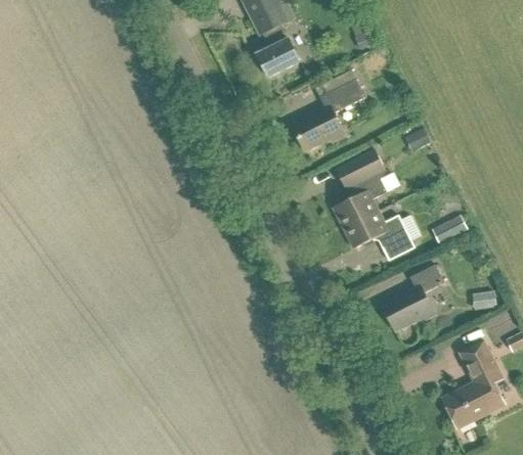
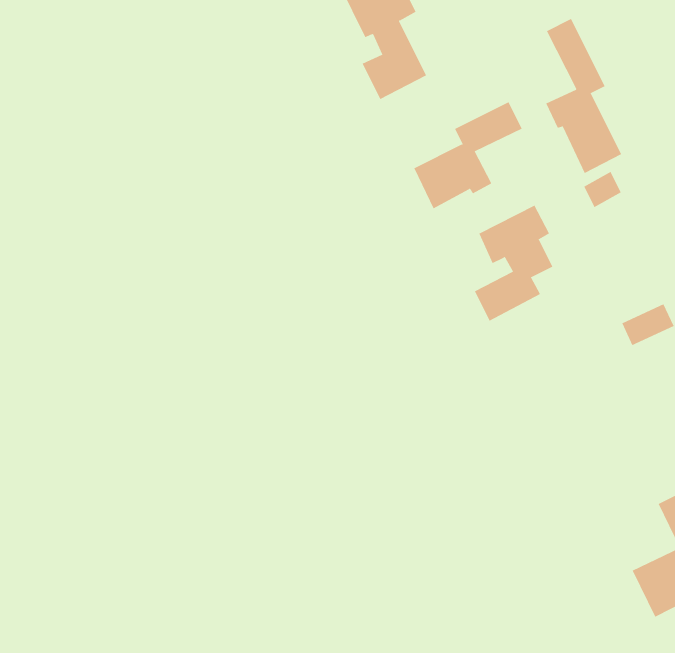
building: none -> [546,18,622,174]
building: [344,210,416,260] -> none
building: [380,263,442,330] -> none

